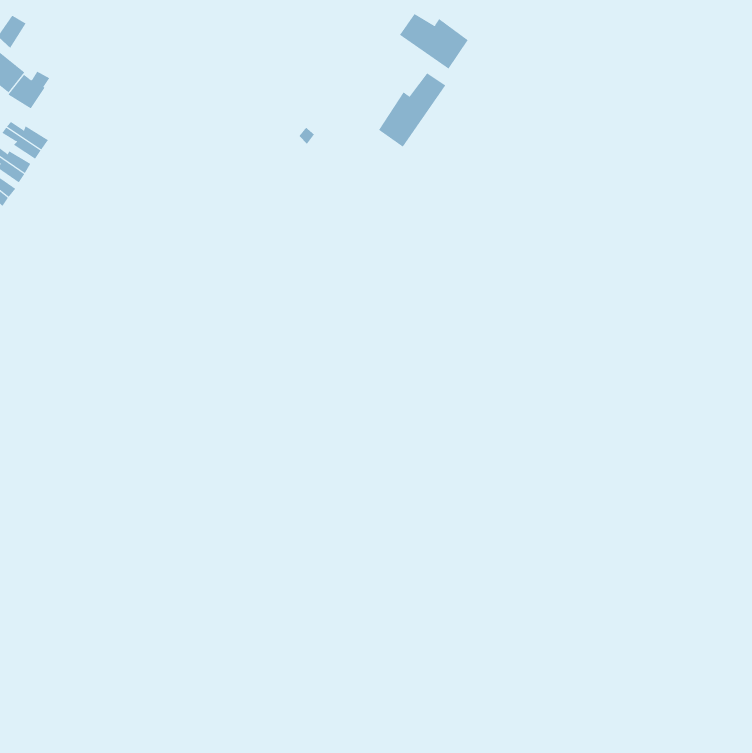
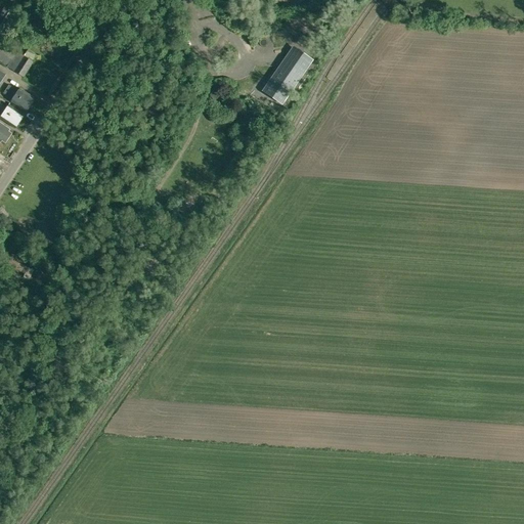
building: [399,13,468,69] -> none

